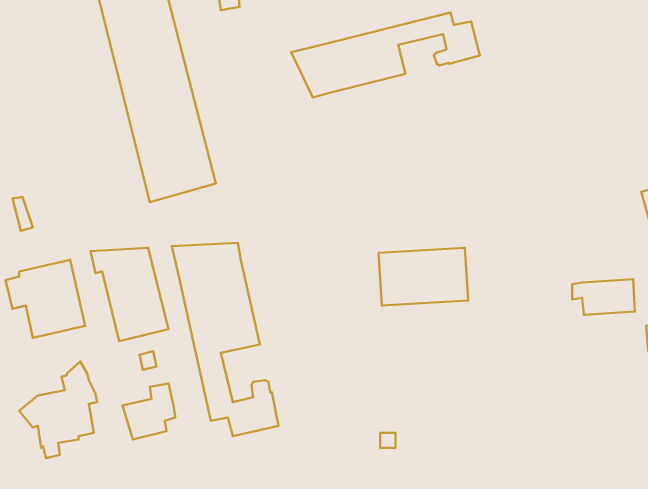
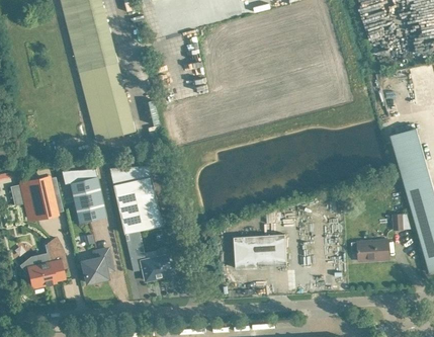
building: [291,12,480,97] -> none
building: [378,248,468,305] -> [233,235,286,269]
building: [572,279,635,315] -> [351,241,388,262]

